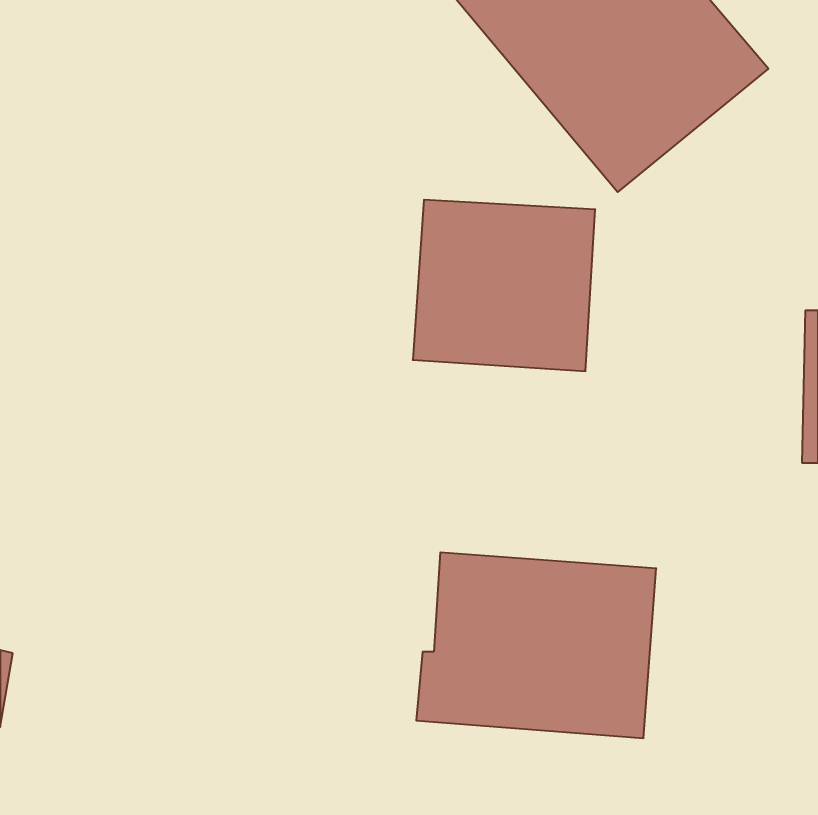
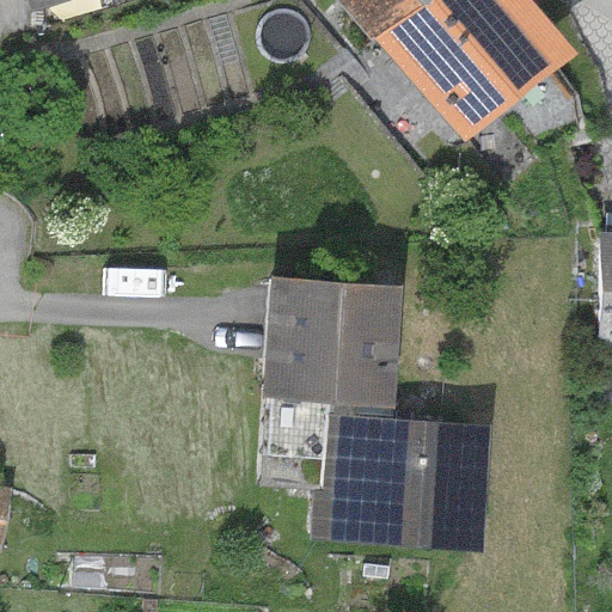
building: [413,200,595,371] -> [264,277,400,405]

